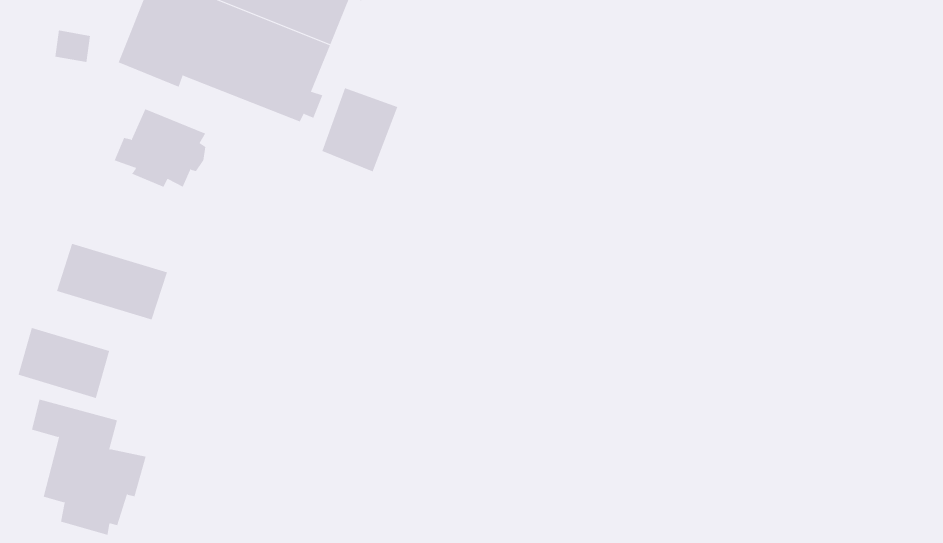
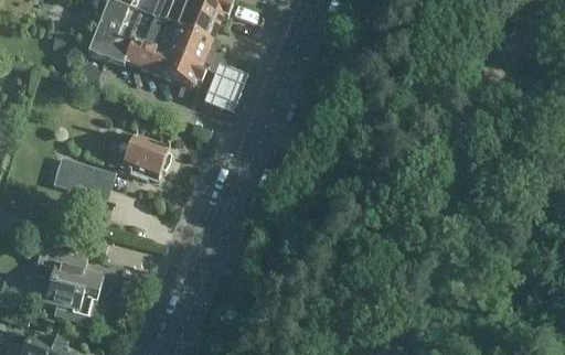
building: [114,109,206,187] -> [117,133,170,179]
building: [18,327,110,399] -> none

